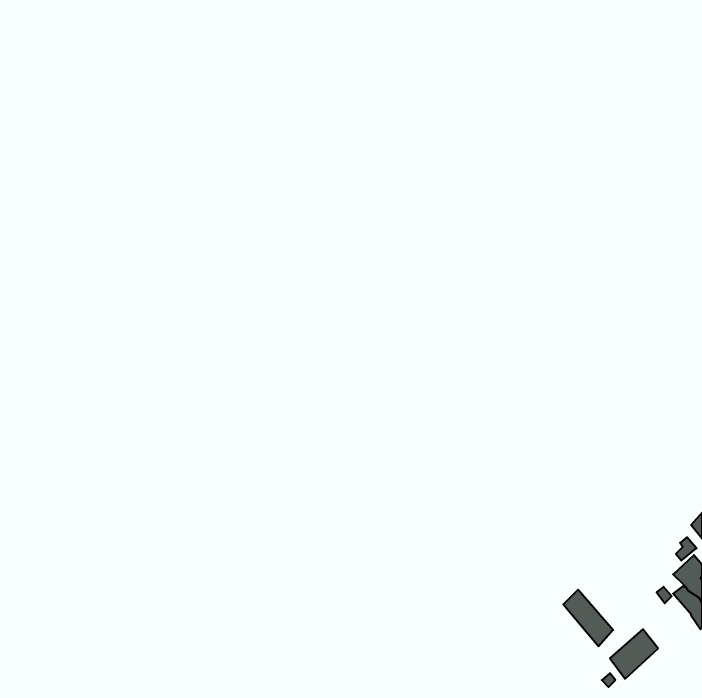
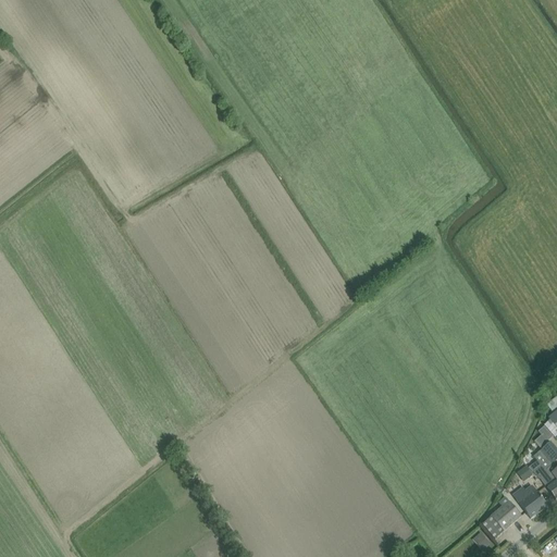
building: [563,590,613,646] -> none
building: none -> [515,484,546,517]

